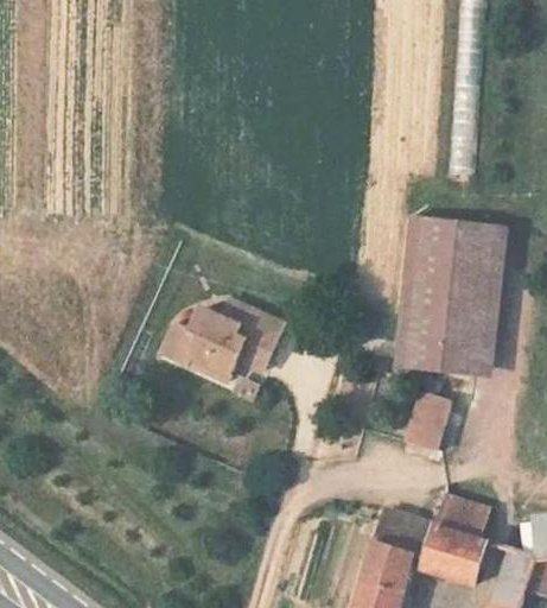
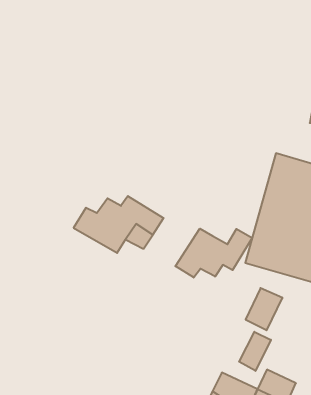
building: none -> [175,229,252,278]
building: none -> [239,332,271,371]

